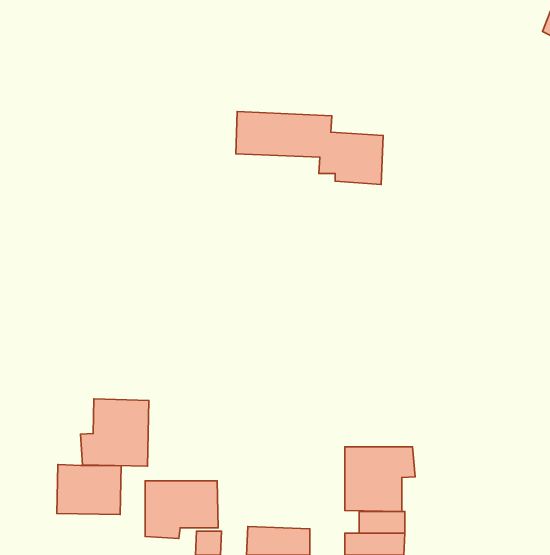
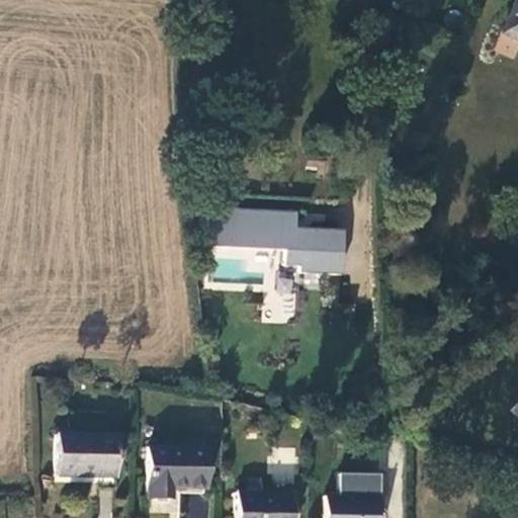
building: [236,111,383,184] -> [210,207,347,275]
building: [80,399,149,466] -> none
building: [345,447,415,511] -> none

